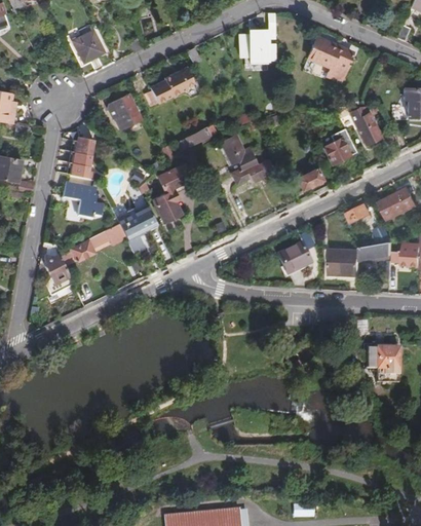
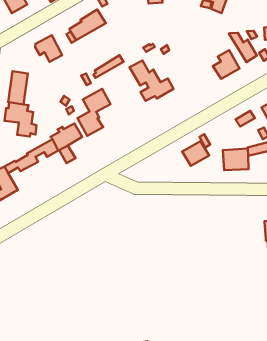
building: [289,168,324,193] -> none

